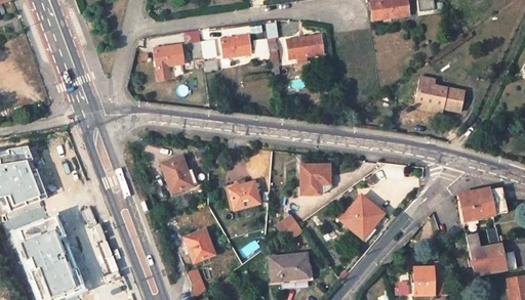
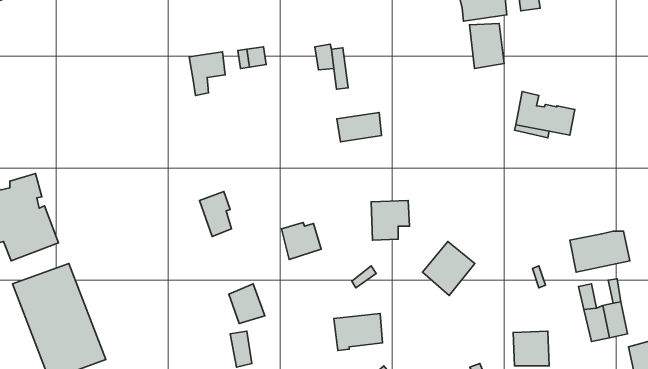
building: none -> [470,23,504,69]
building: [220,35,249,63] -> none
building: [286,35,322,58] -> [337,112,382,142]

